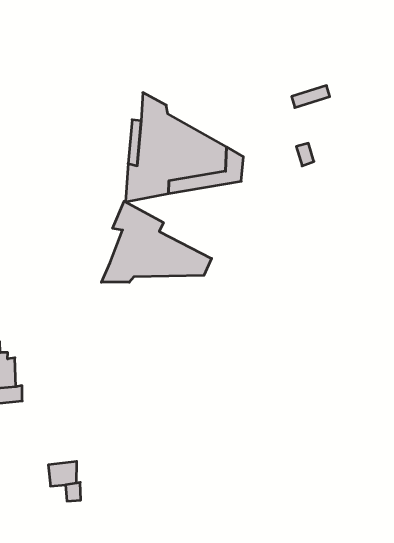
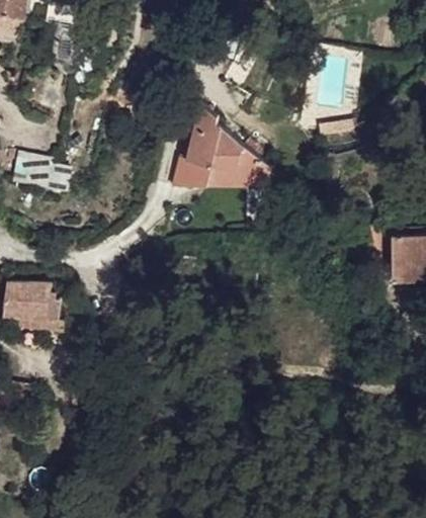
building: [101,201,212,282] -> none

